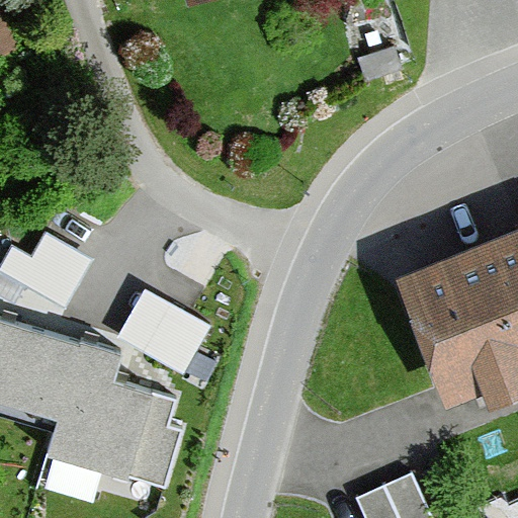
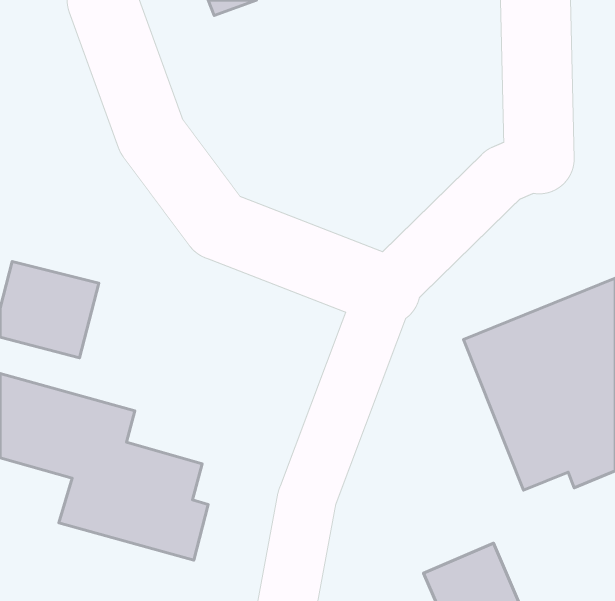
building: [120,281,213,365] -> none

